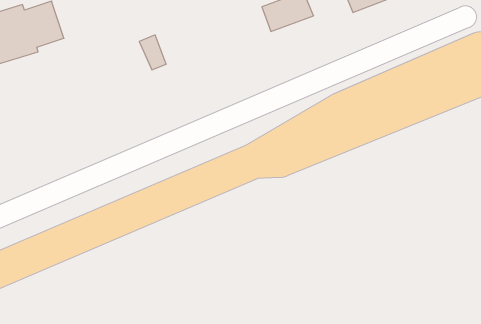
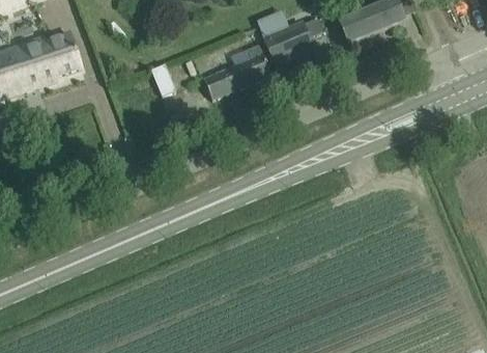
building: none -> [204,46,273,97]

